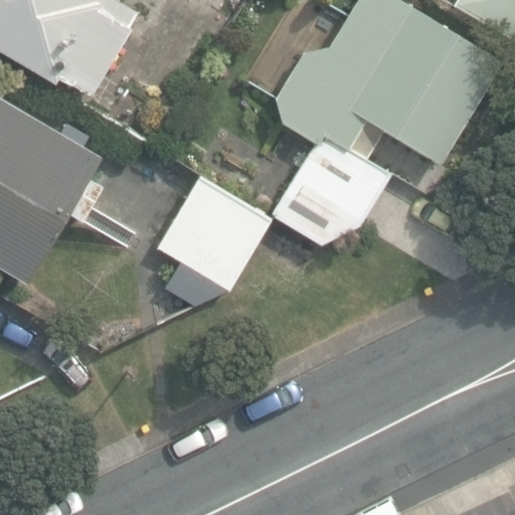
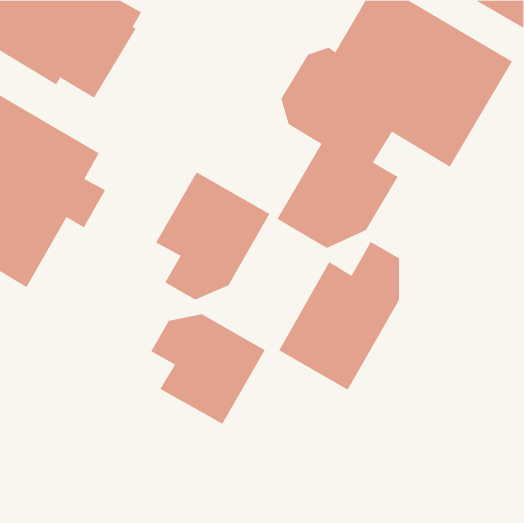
building: none -> [278,241,400,390]
building: none -> [150,313,265,425]

